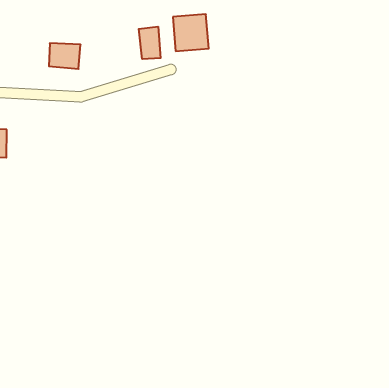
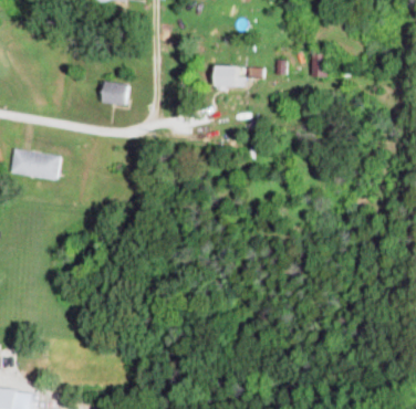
building: [139,27,161,59] -> none

